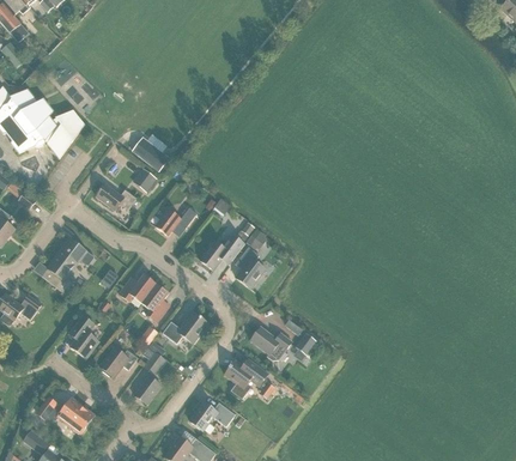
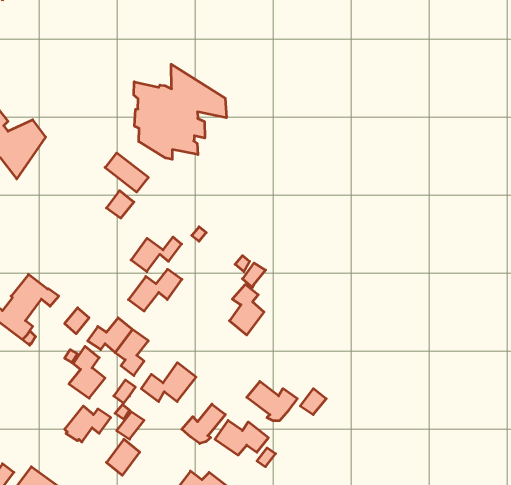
building: none -> [134,64,226,159]
building: [96,183,136,211] -> none
building: [200,235,244,269] -> [128,269,182,311]
building: [69,315,99,358] -> [69,346,105,398]
building: none -> [182,404,225,444]

